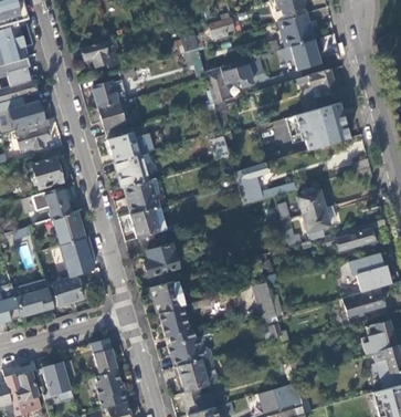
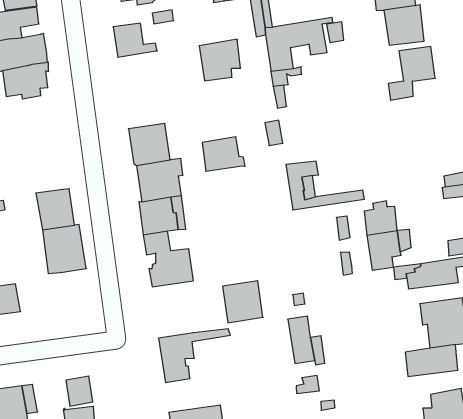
building: [98,101,131,135] -> [199,39,241,81]
building: [286,103,348,150] -> none
building: [108,133,143,161] -> [202,137,245,171]
building: [31,148,62,189] -> none
building: [43,187,72,219] -> none
building: [51,275,84,307] -> none
building: [150,280,183,314] -> [223,281,263,323]
building: [168,336,211,367] -> none

